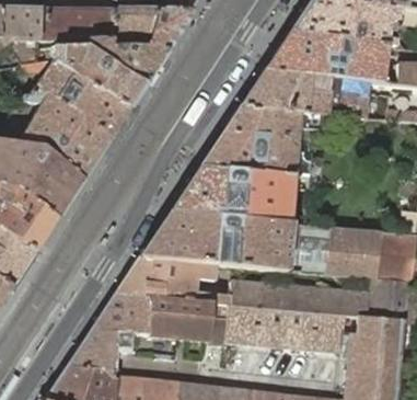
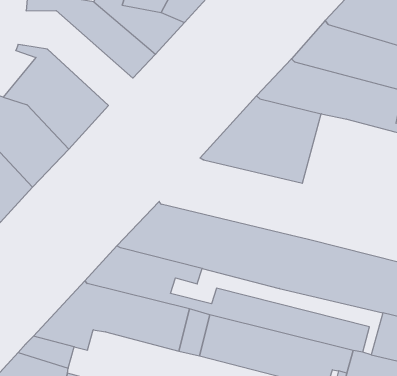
building: [23,60,129,136] -> none
building: [170,169,292,224] -> none

